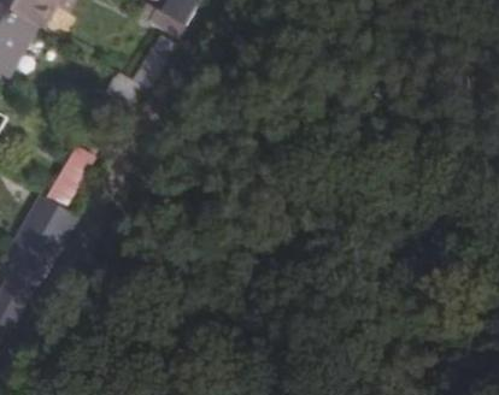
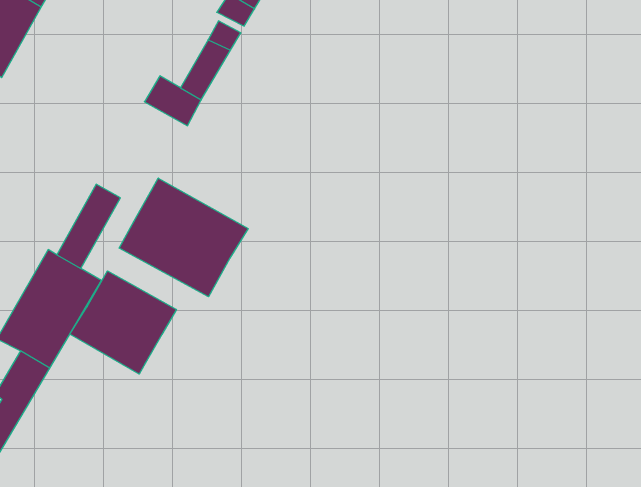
building: none -> [119,178,248,297]
building: none -> [70,271,176,374]

